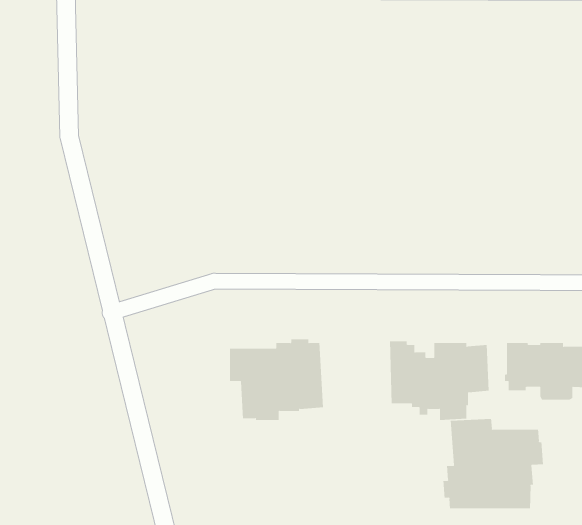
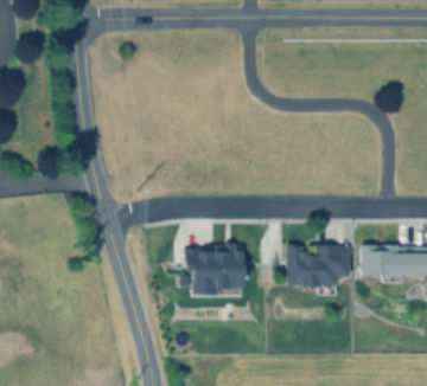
building: [443,418,543,509] -> none

